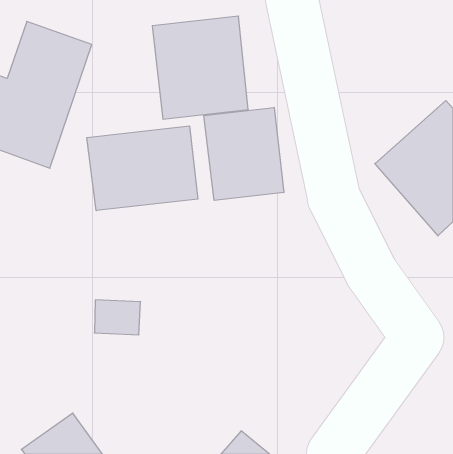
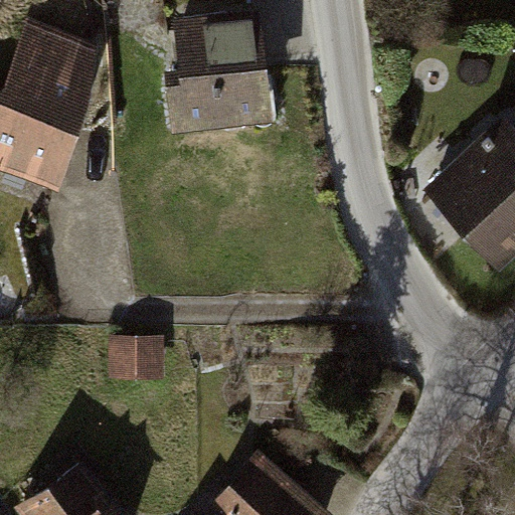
building: [204,107,284,200] -> none
building: [87,126,198,211] -> none

